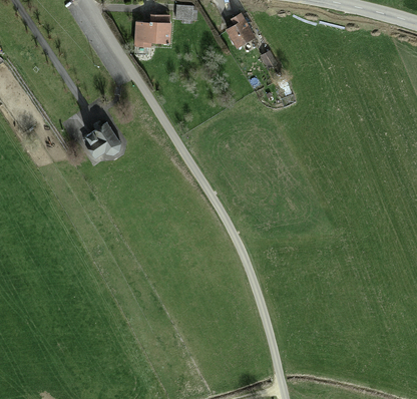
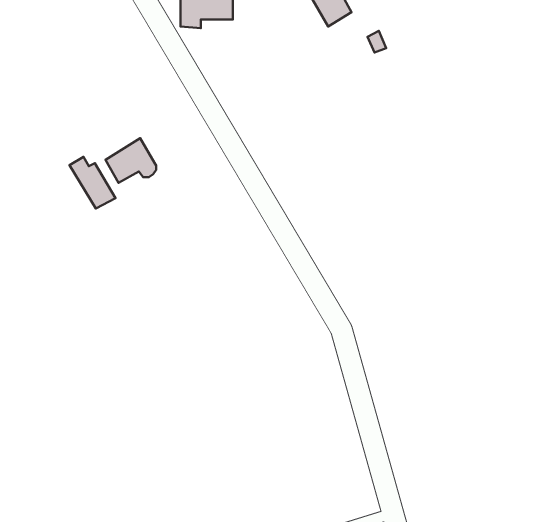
building: none -> [69,157,115,208]

